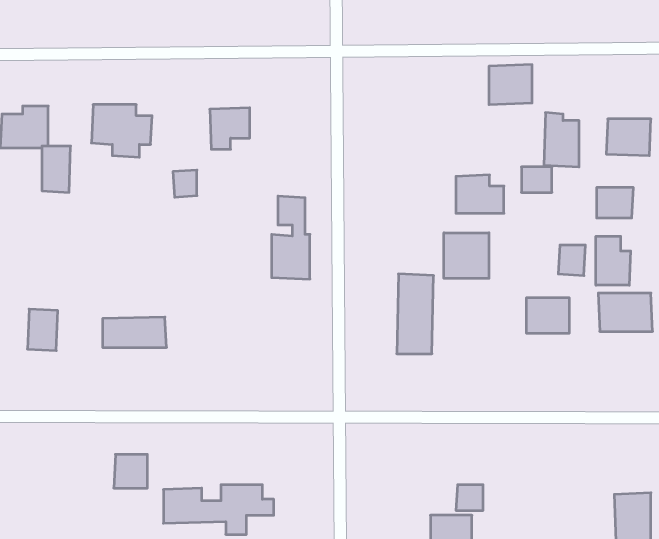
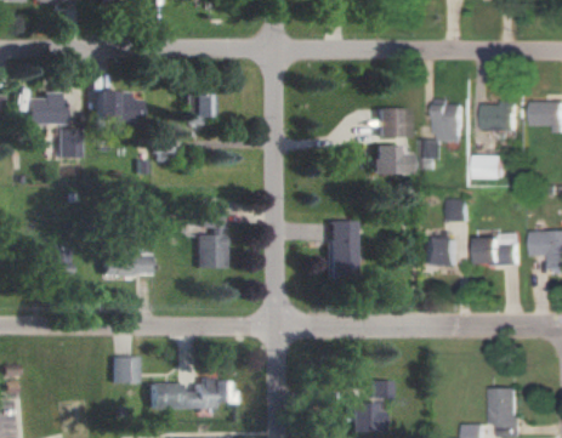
building: [489,65,532,105] -> [377,107,410,137]
building: [272,196,310,279] -> [198,205,227,268]
building: [444,233,489,278] -> none
building: [596,236,631,285] -> none

